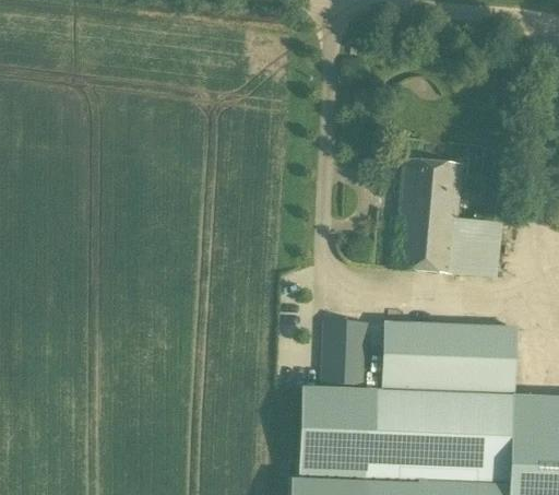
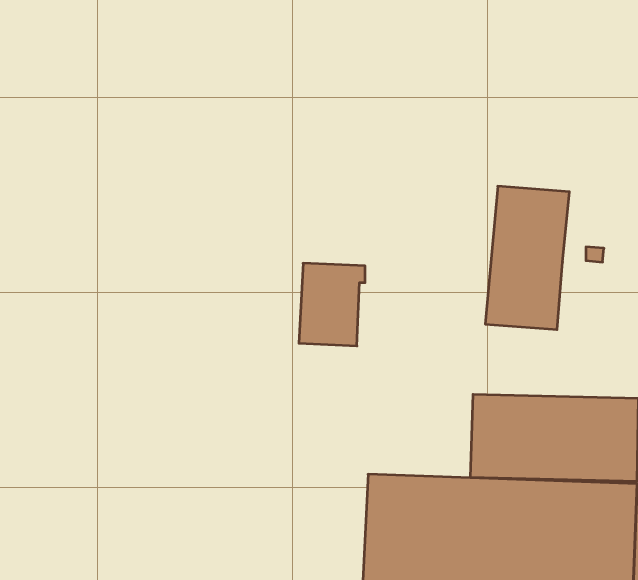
building: [453,220,502,278] -> none
building: [322,321,374,387] -> [299,263,365,346]

